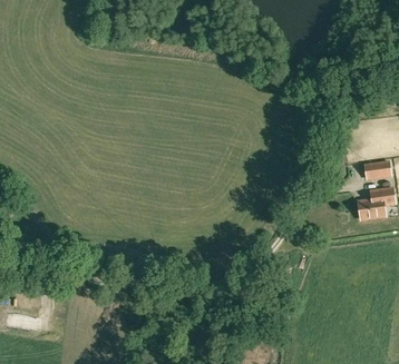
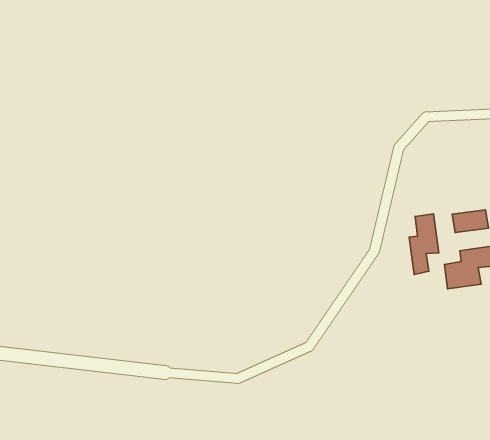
building: none -> [409,214,439,275]

